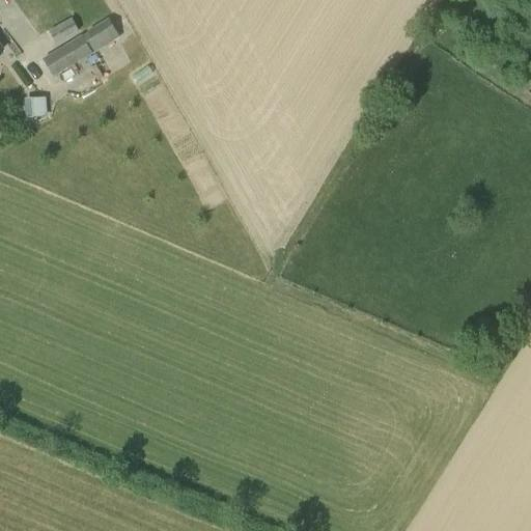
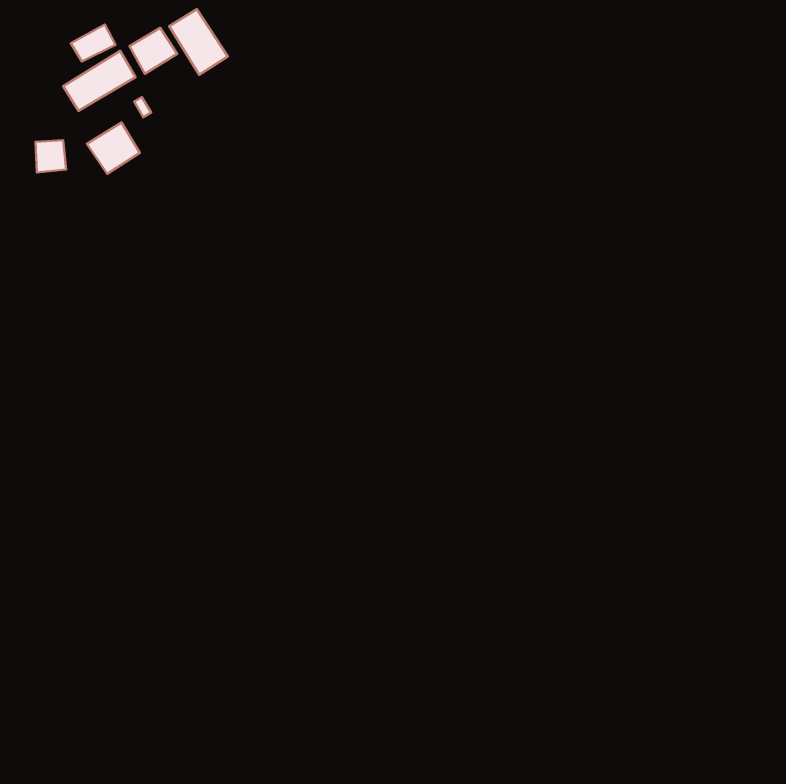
building: none -> [169,9,228,75]
building: none -> [87,122,140,174]

